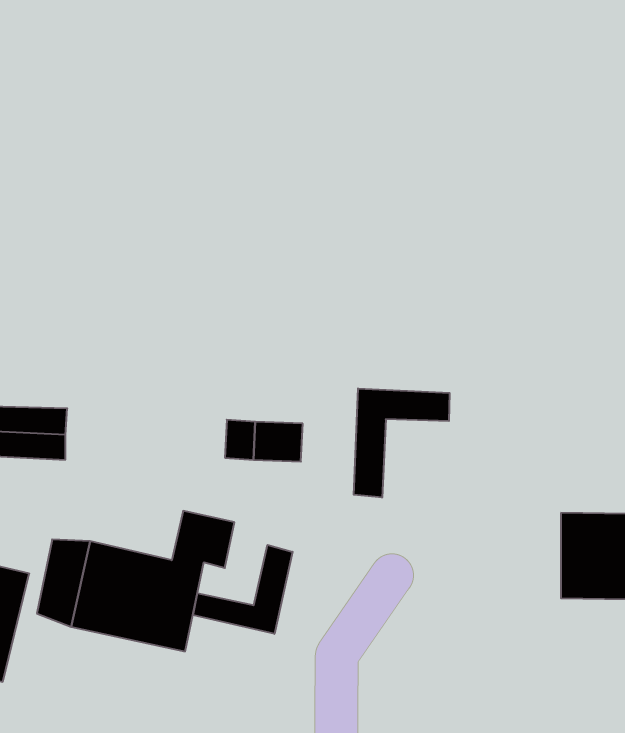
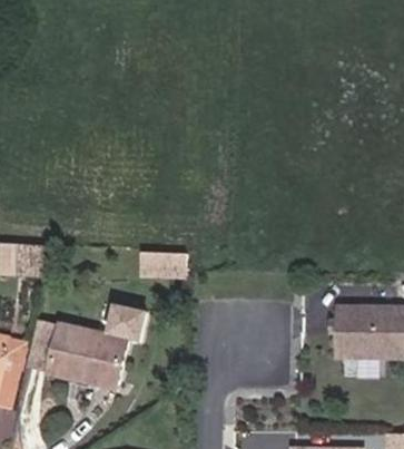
building: [354,388,450,498] -> none
building: [193,545,293,634] -> none

